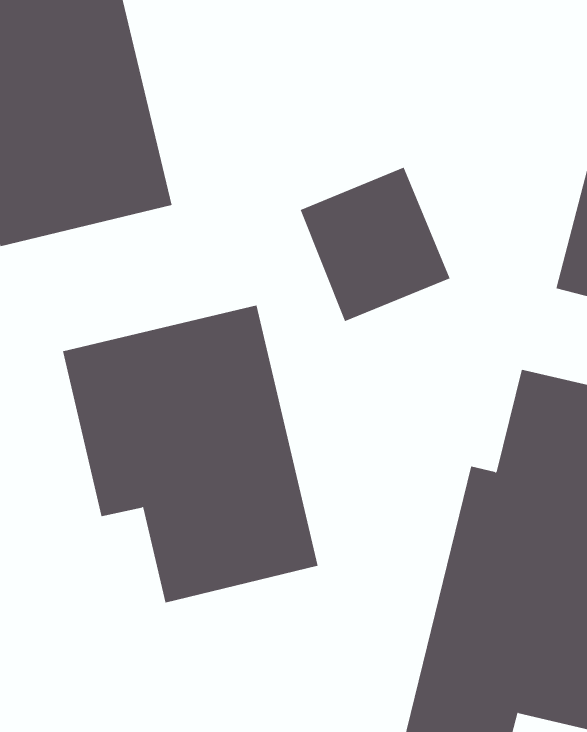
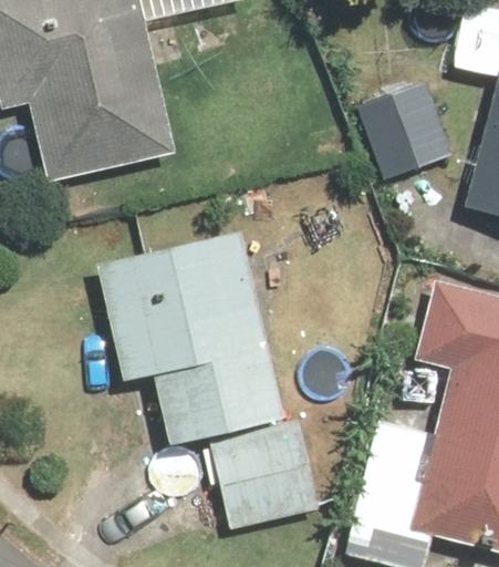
building: [300,167,450,322] -> [354,70,466,185]
building: none -> [209,430,326,537]

